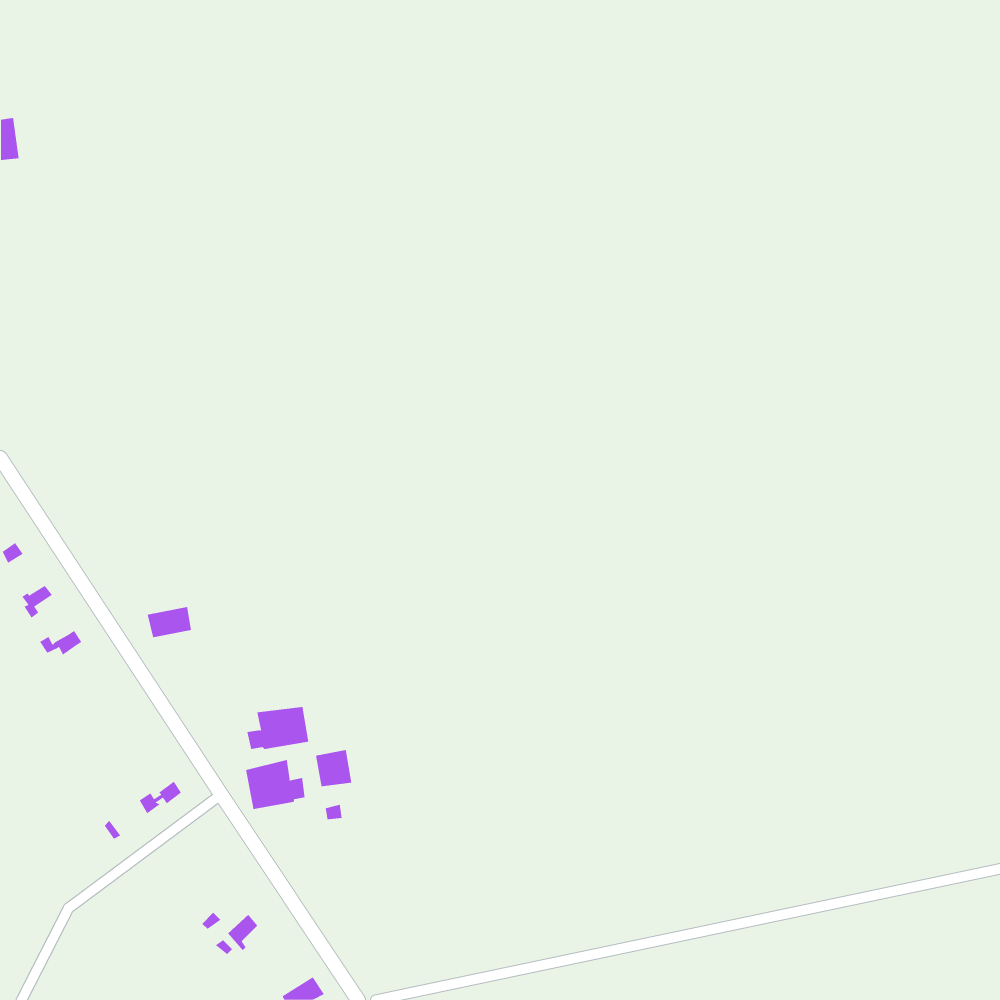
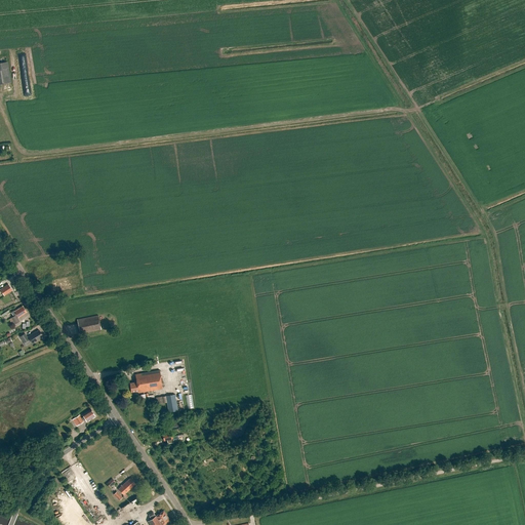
building: [245,759,305,810] -> none

